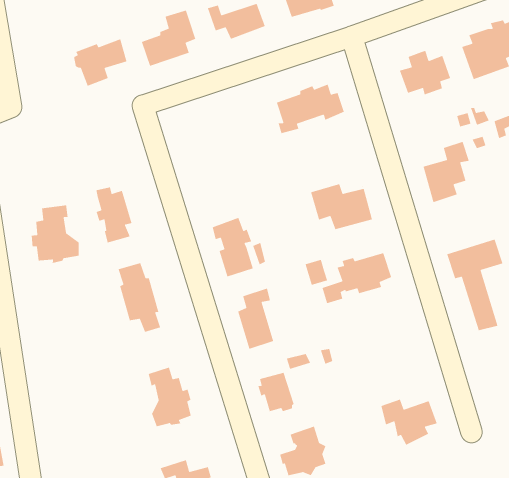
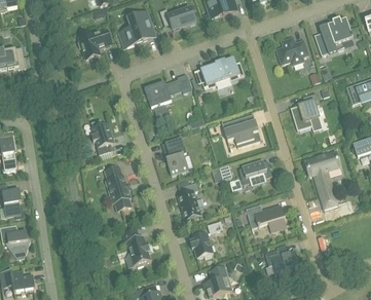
building: none -> [144,72,191,117]
building: [31,204,79,264] -> none
building: none -> [245,202,286,230]

